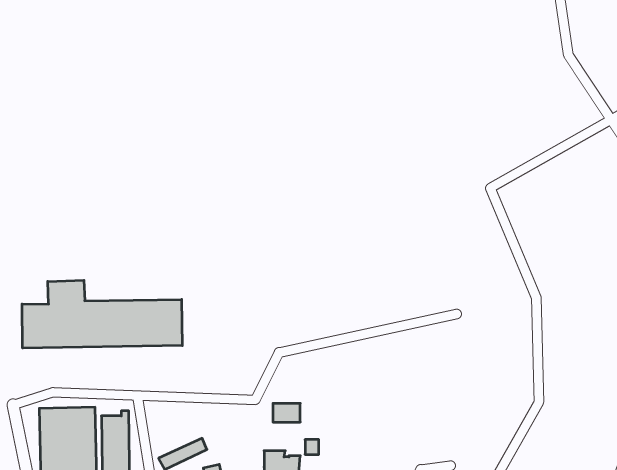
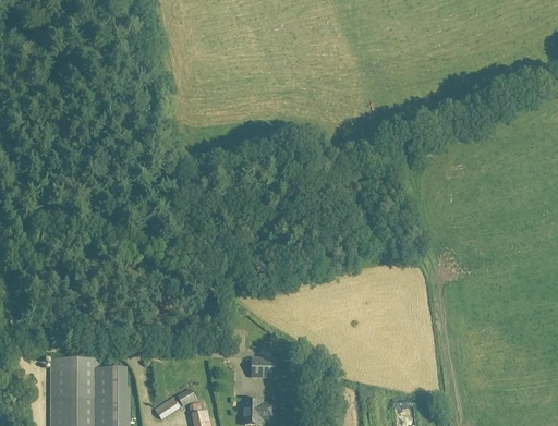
building: [22,280,182,348] -> none

